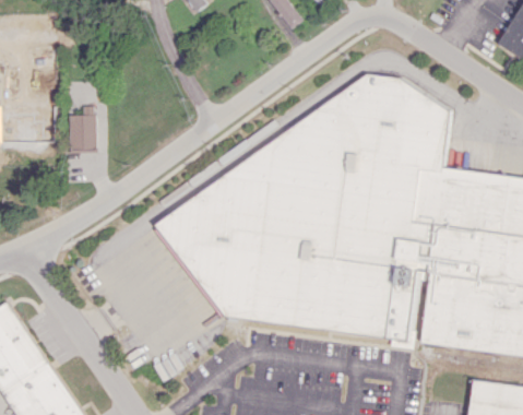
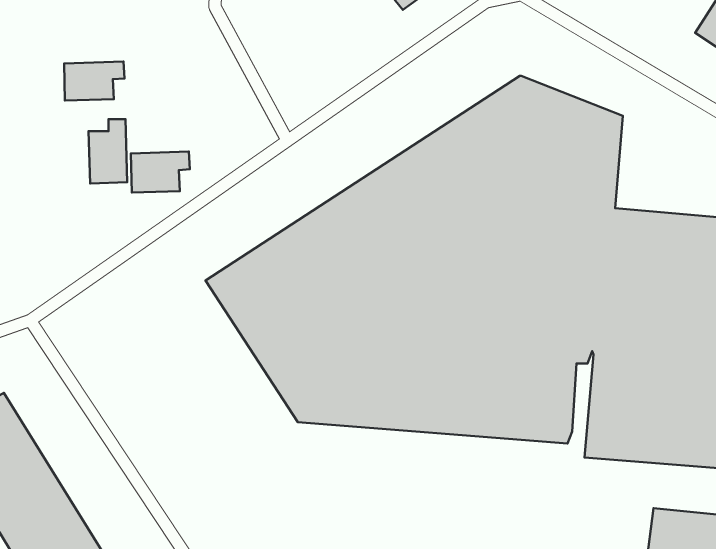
building: none -> [64,61,124,101]
building: none -> [131,151,190,192]

